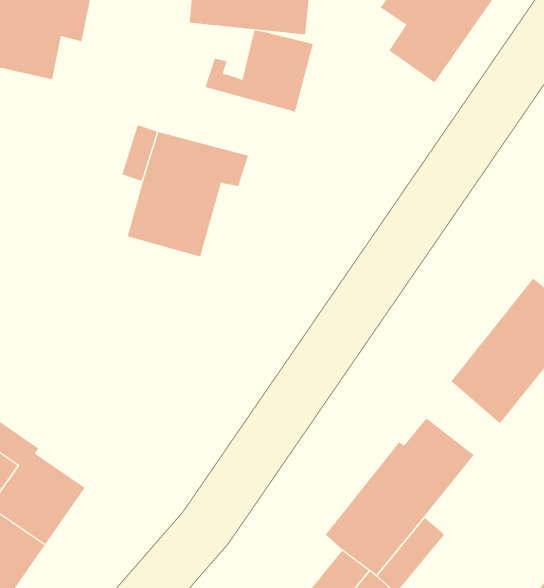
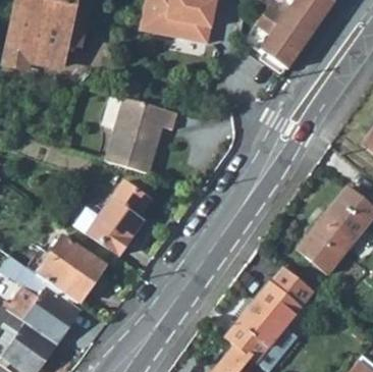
building: [205,30,313,113] -> none
building: none -> [71,181,150,255]
building: none -> [38,235,107,303]

